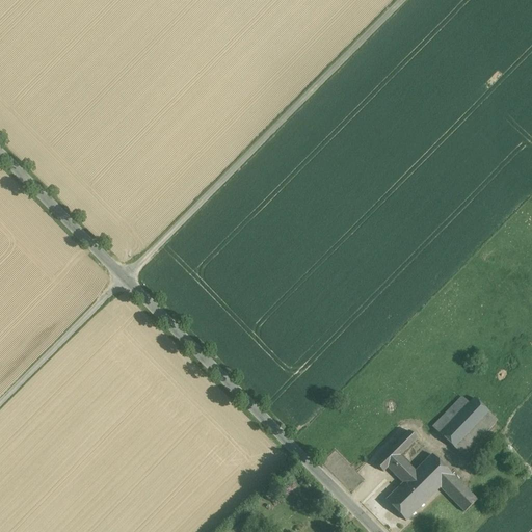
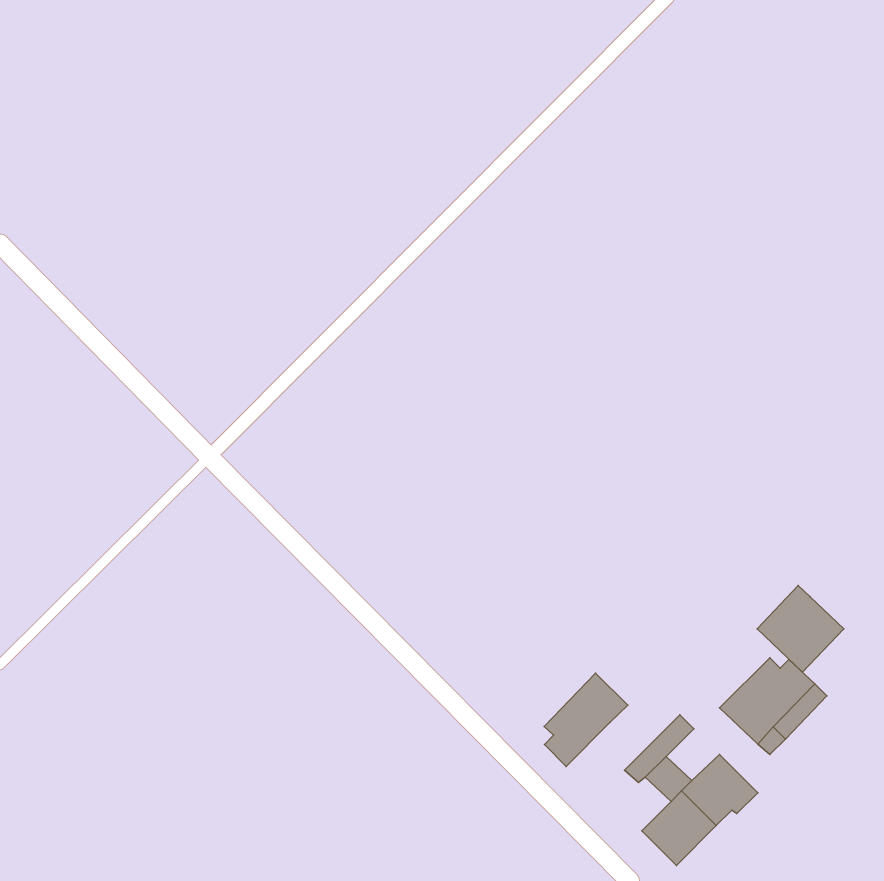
building: none -> [757,586,844,672]
building: none -> [544,673,628,767]
building: [443,476,477,510] -> none

